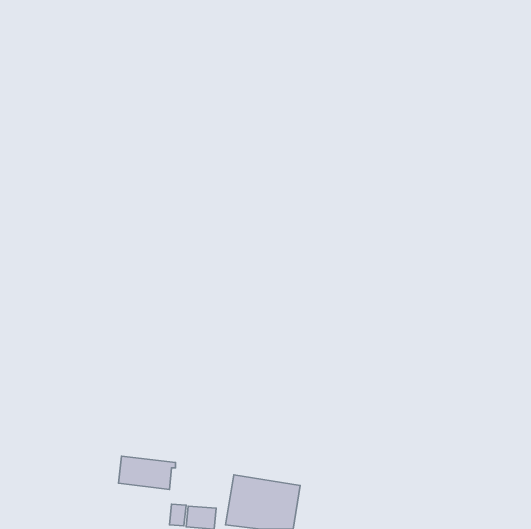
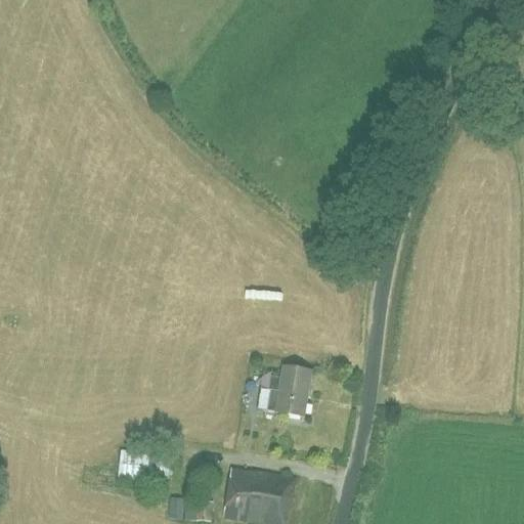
building: none -> [256,366,311,417]

